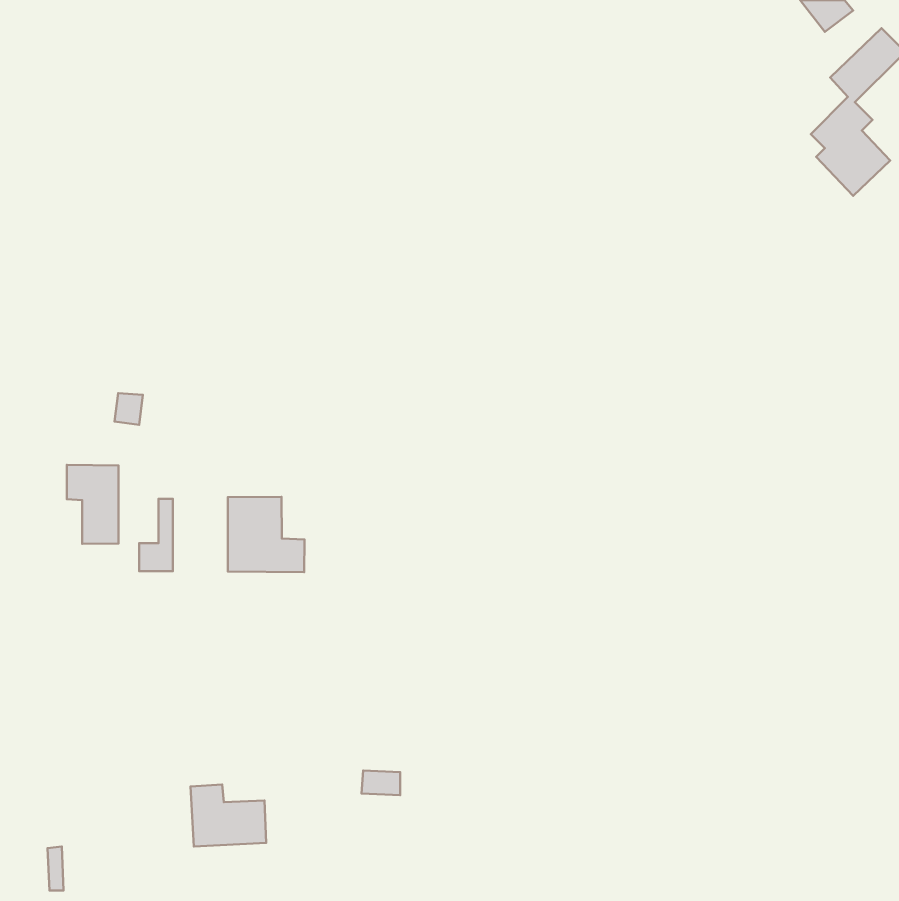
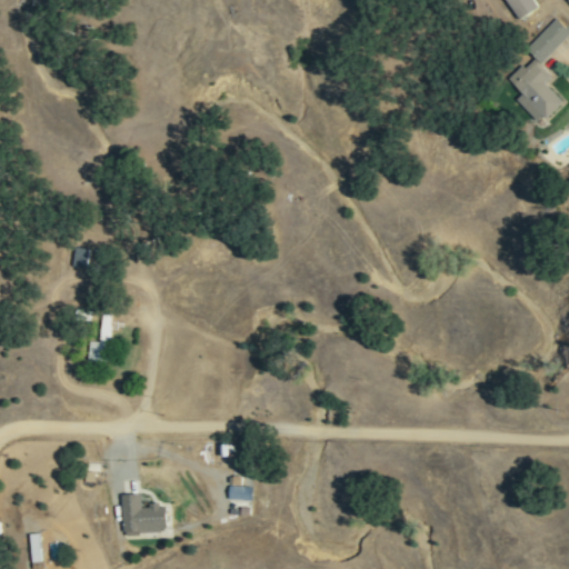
building: [67,465,119,544] -> none
building: [228,497,304,572] -> none

